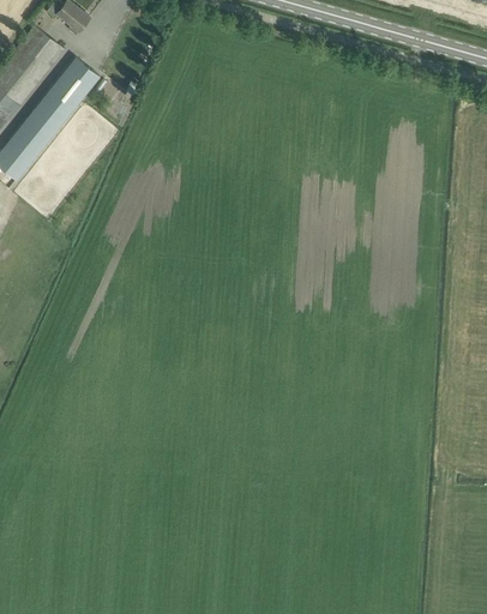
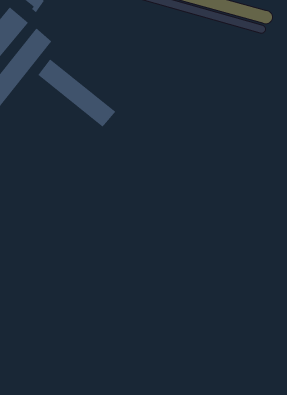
building: none -> [37,59,116,128]

